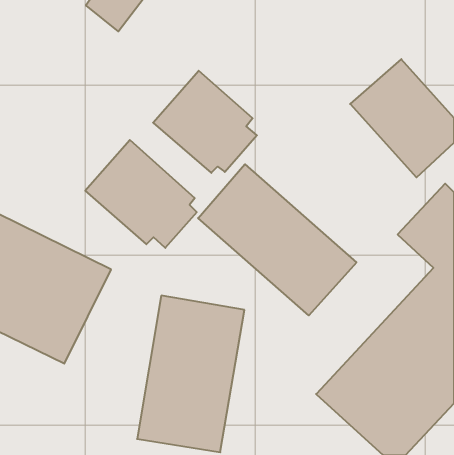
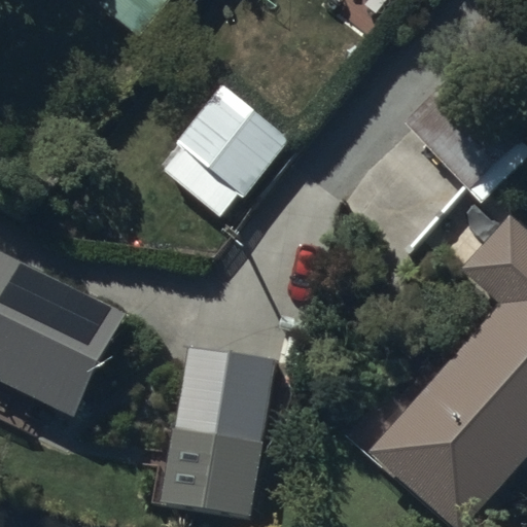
building: [85,140,197,248] -> none
building: [198,164,356,315] -> none

